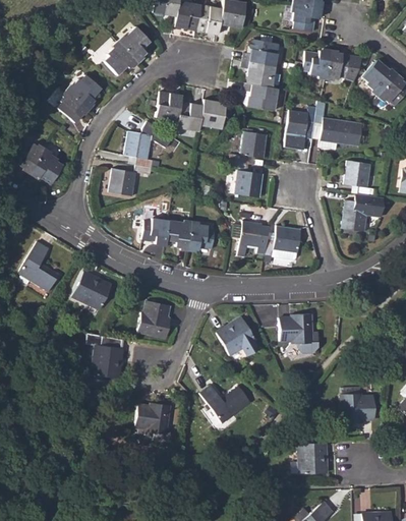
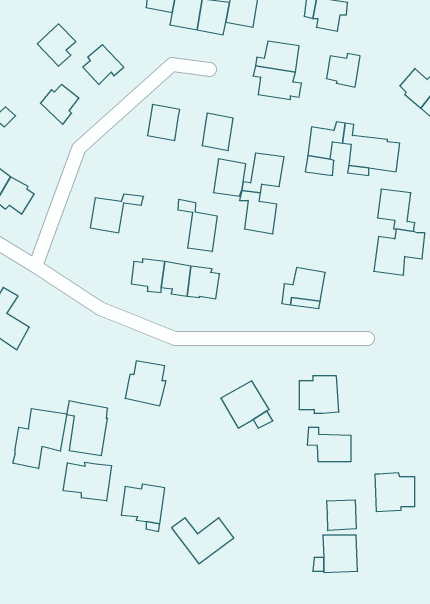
building: [119,26,151,61] -> [37,24,76,66]
building: [326,52,362,82] -> none
building: [244,83,278,111] -> none
building: [57,91,86,122] -> none
building: [177,101,204,131] -> [213,159,246,196]
building: [125,131,154,167] -> none
building: none -> [178,199,217,252]
building: [238,221,268,256] -> none
building: [72,272,112,309] -> none
building: none -> [13,409,67,469]
building: none -> [308,427,351,462]
building: none -> [63,462,111,501]
building: [200,386,251,423] -> [172,518,234,564]
building: none -> [327,500,356,531]

